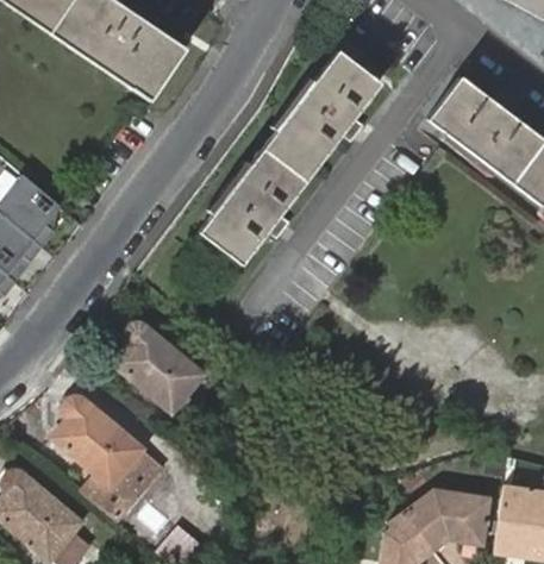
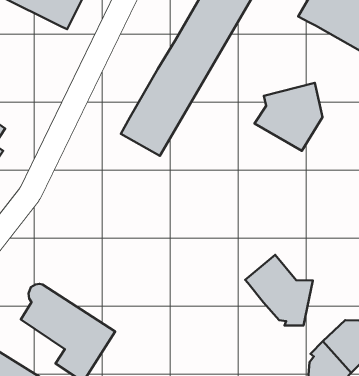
building: none -> [255,83,323,151]
building: [117,322,206,411] -> none
building: none -> [245,255,313,326]

